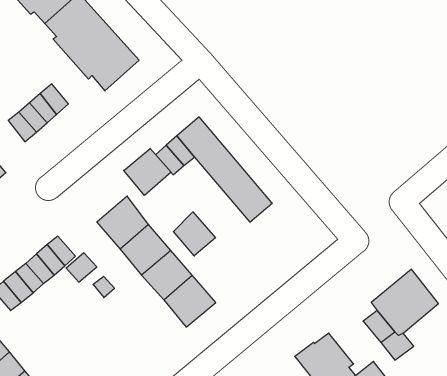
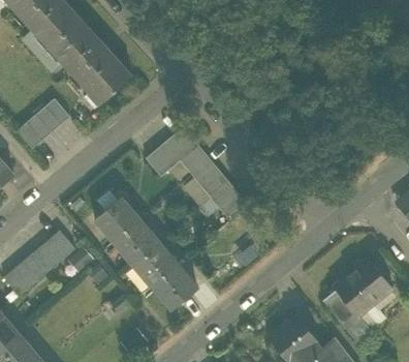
building: [124,148,171,195] -> none
building: [173,212,215,256] -> none

